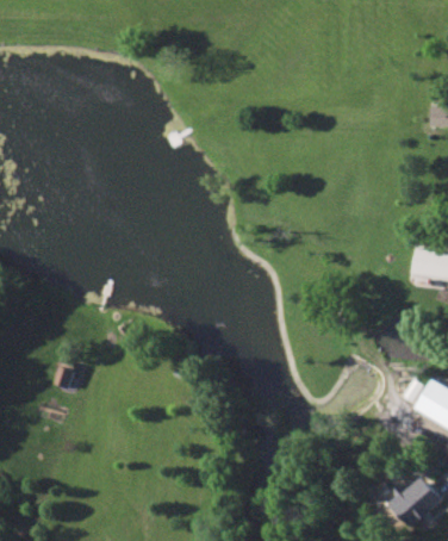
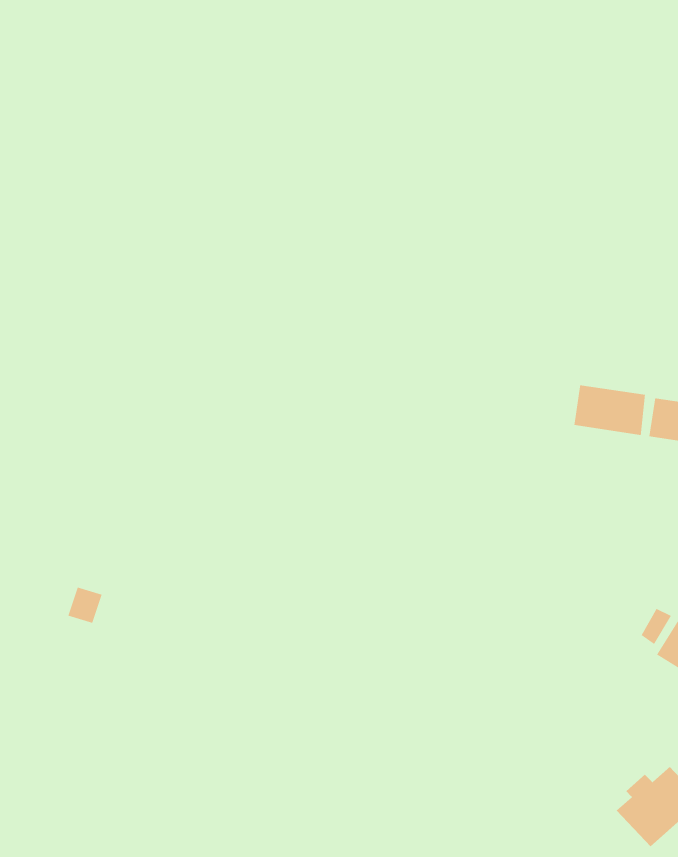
building: none -> [574,385,645,436]

